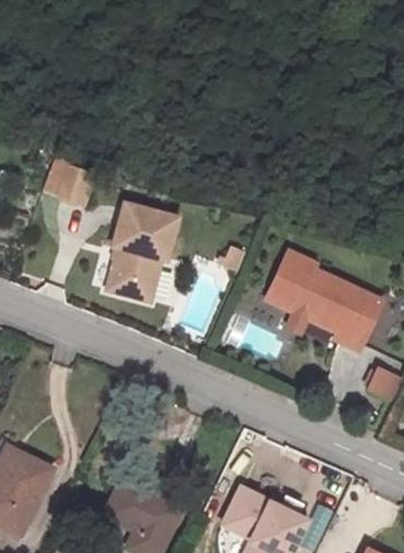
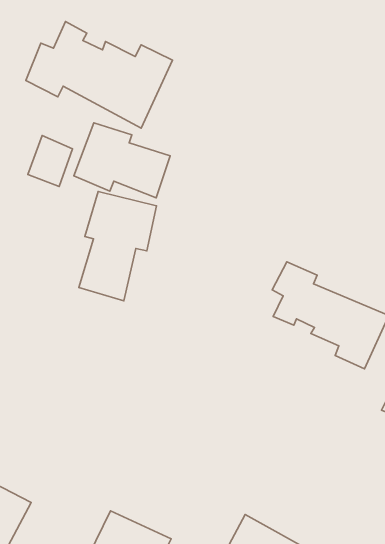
building: none -> [26,21,173,128]
building: none -> [74,123,170,198]

